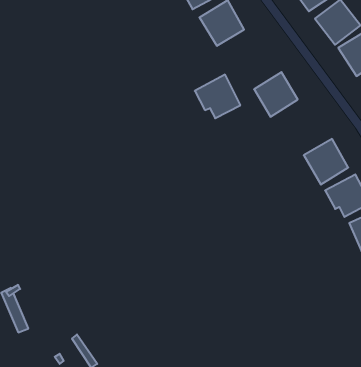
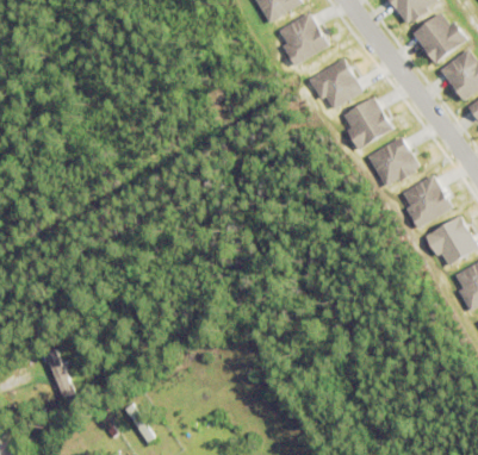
building: [195,75,240,118] -> [309,58,362,110]
building: none -> [368,137,420,188]

